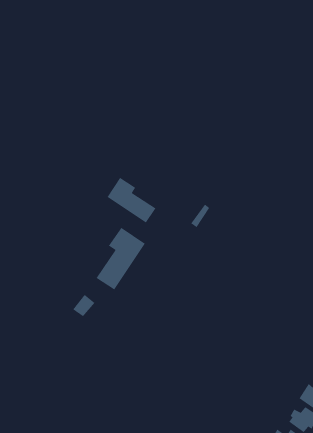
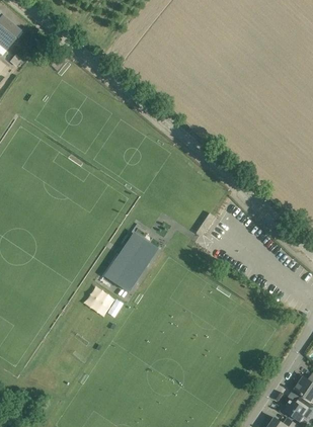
building: [107,177,156,223] -> none

